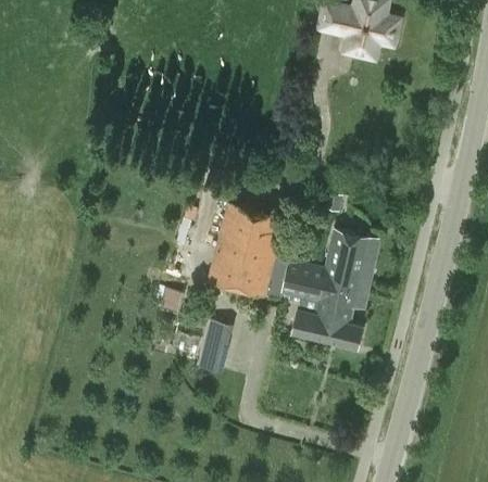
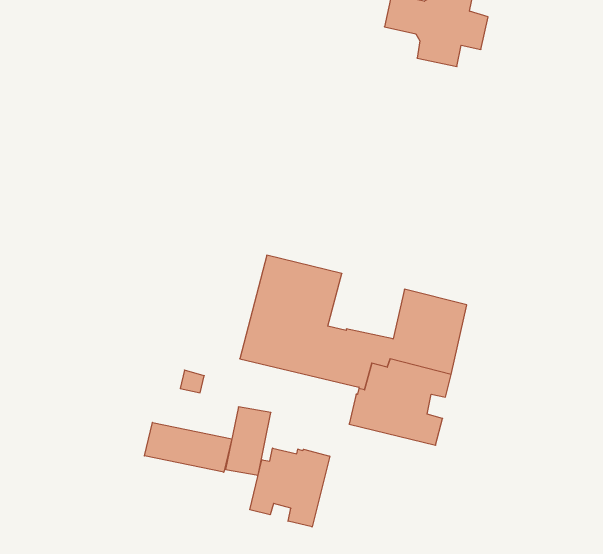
building: none -> [144,422,232,472]
building: none -> [250,448,330,527]

